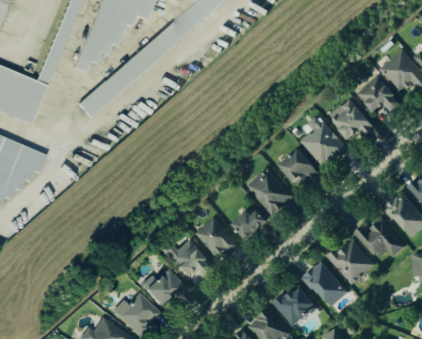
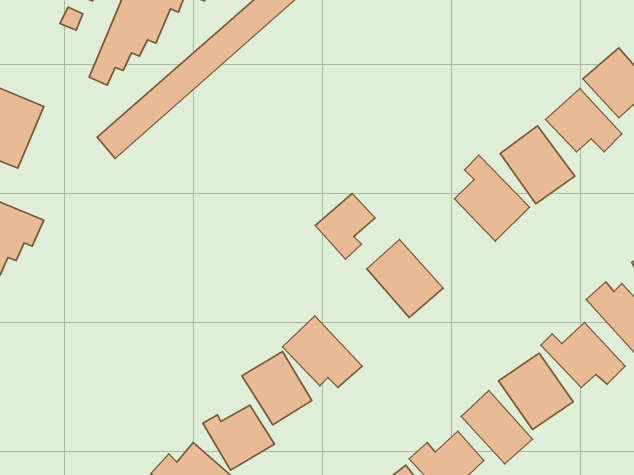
building: none -> [315,193,375,259]
building: [283,149,319,185] -> none
building: [233,209,270,241] -> none

